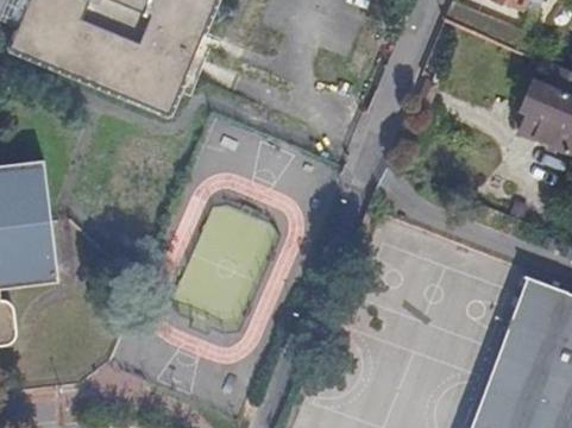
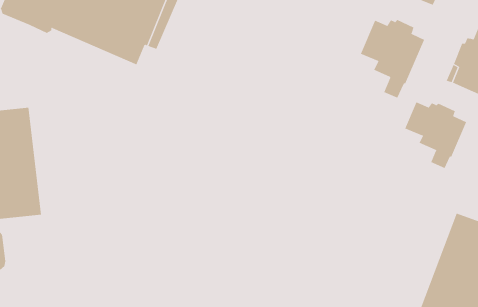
building: none -> [360,19,425,99]
building: none -> [404,101,467,169]

